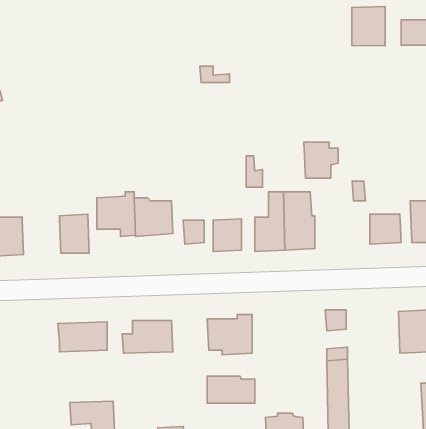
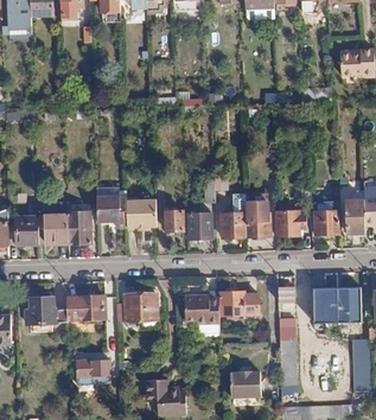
building: [352,6,385,46] -> none
building: [304,142,338,178] -> [276,206,304,235]
building: none -> [45,214,68,241]
building: none -> [311,287,337,322]
building: none -> [26,299,66,323]
building: [207,376,255,403] -> [219,289,257,311]

